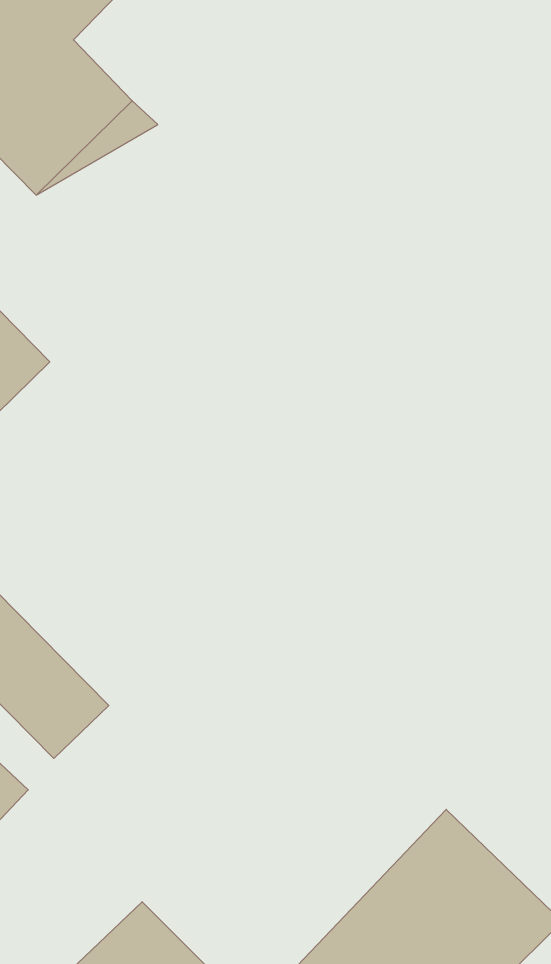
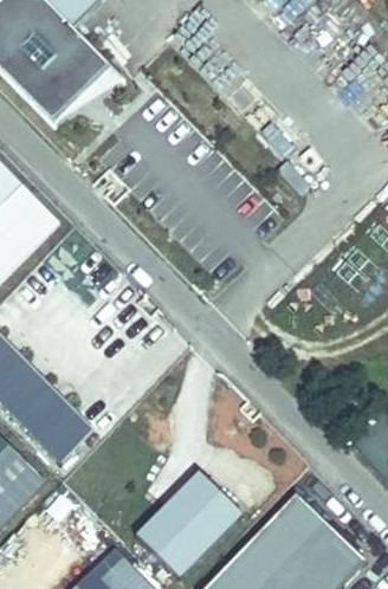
building: none -> [136,471,241,578]

